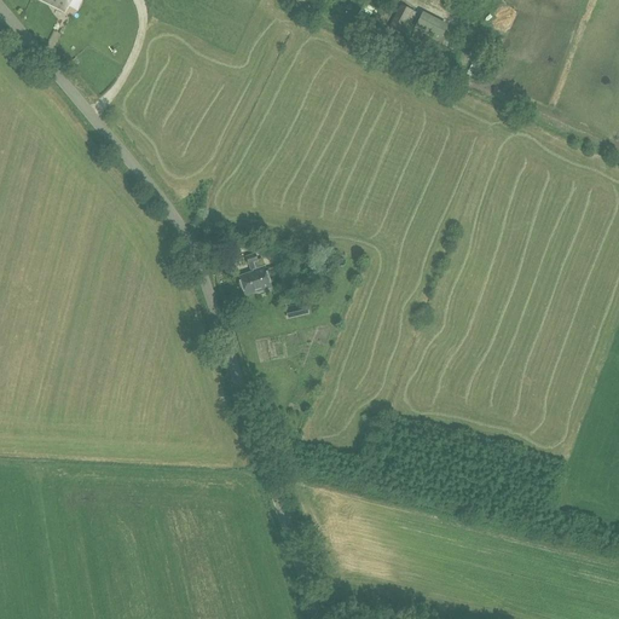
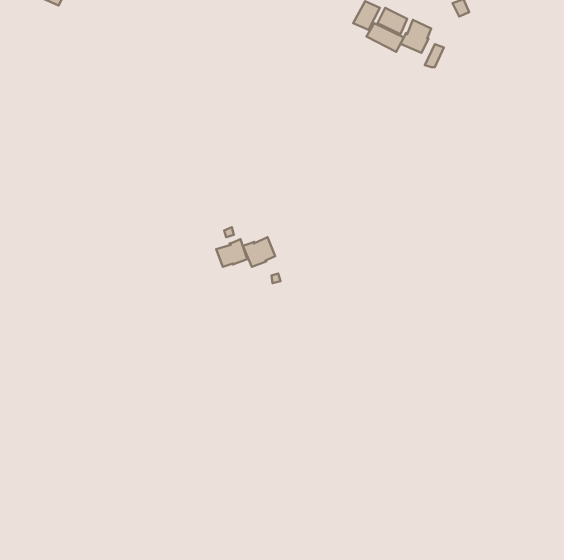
building: none -> [401,20,431,53]
building: none -> [243,237,275,267]

